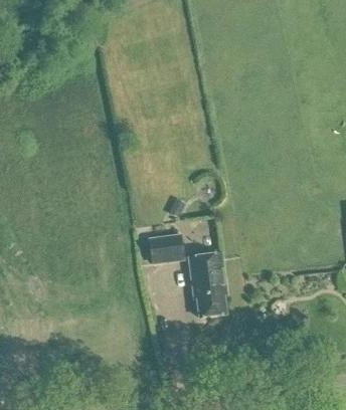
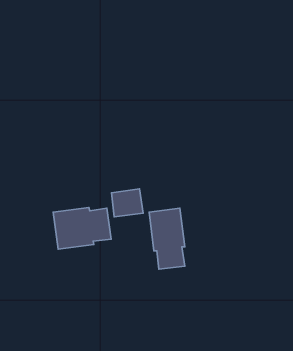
building: none -> [53,207,111,249]

